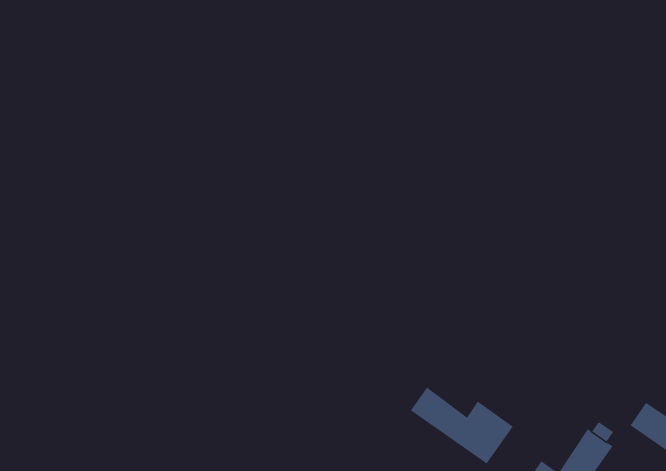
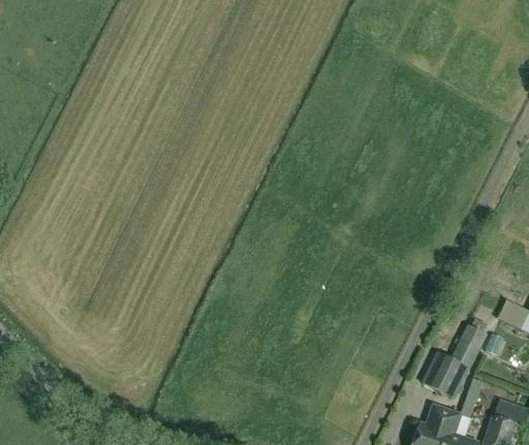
building: [410,387,514,465] -> none

